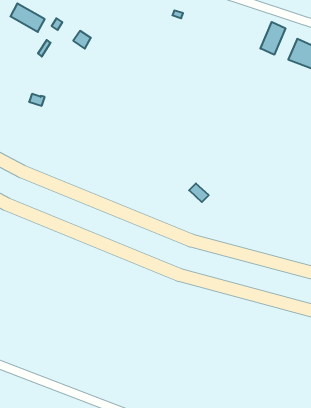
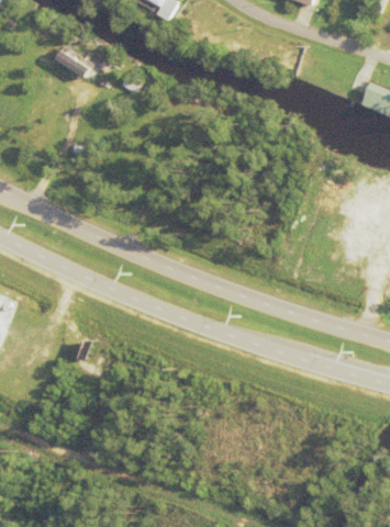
building: [260,22,285,55] -> none

